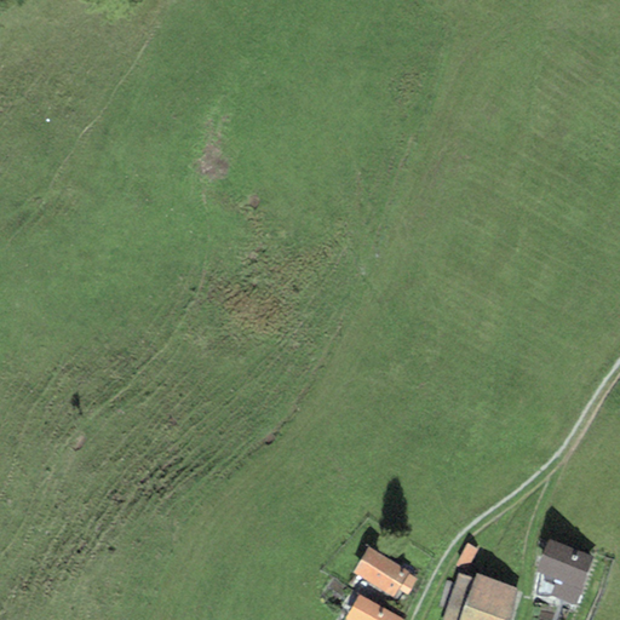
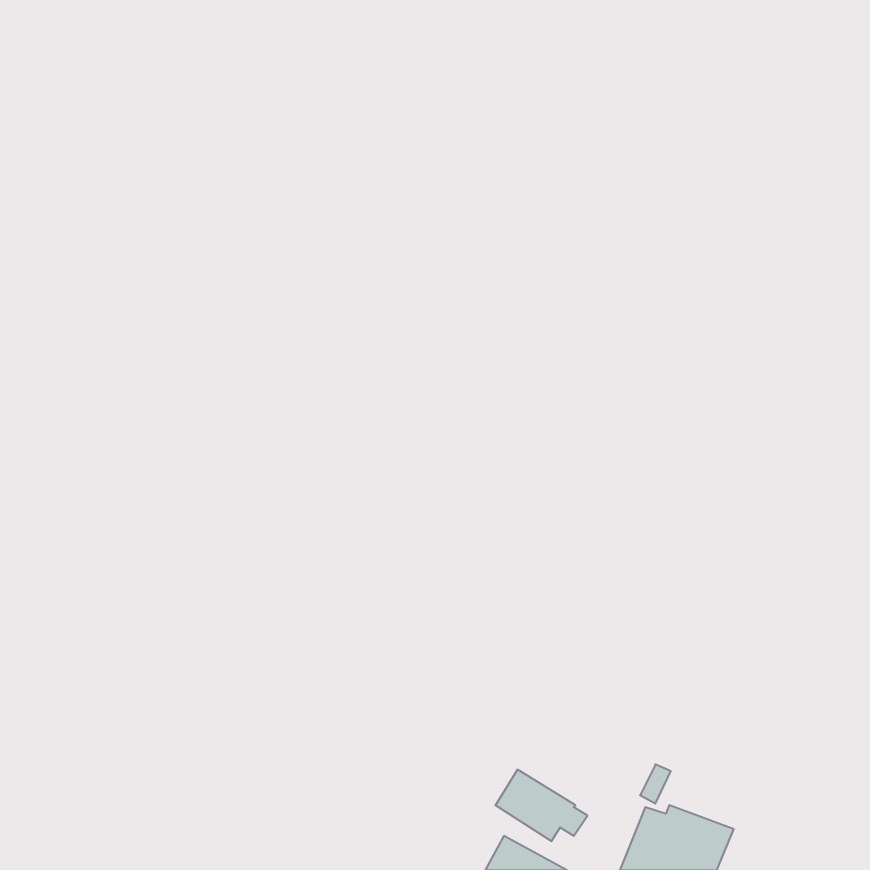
building: [535,539,593,604] -> none

